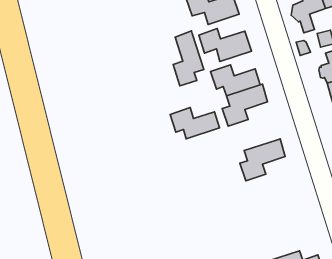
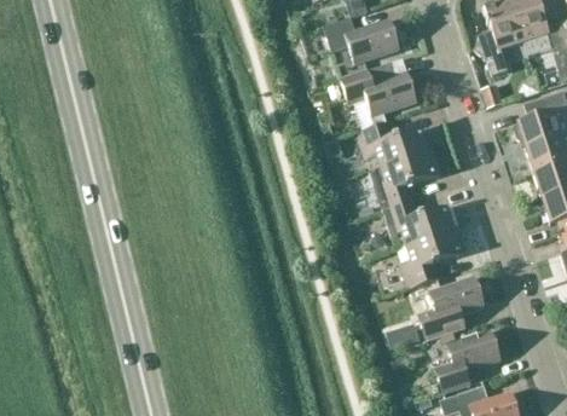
building: [173,31,204,86] -> none
building: [170,108,220,139] -> [384,198,456,243]
building: none -> [413,276,485,342]
building: none -> [436,329,502,392]

